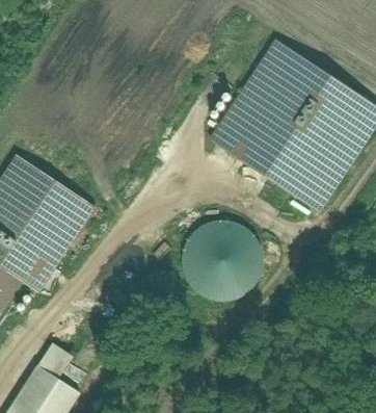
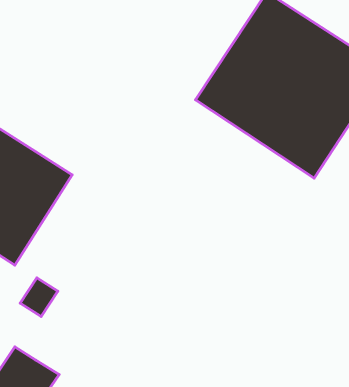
building: [181,218,263,300] -> none
building: [36,347,72,384] -> [20,278,58,317]

